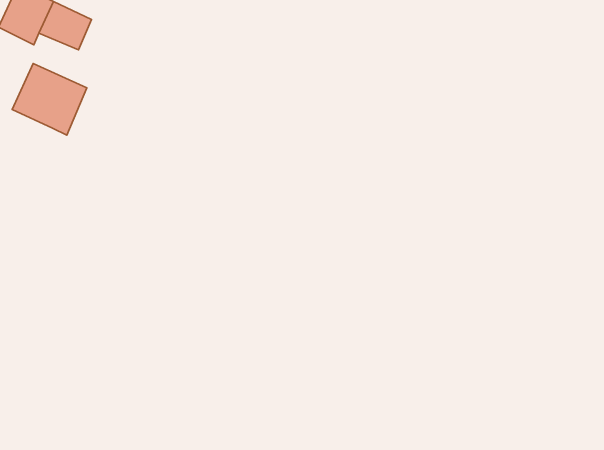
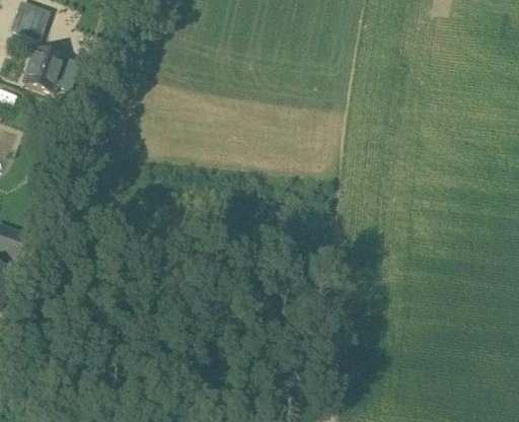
building: [12,63,87,135] -> none

